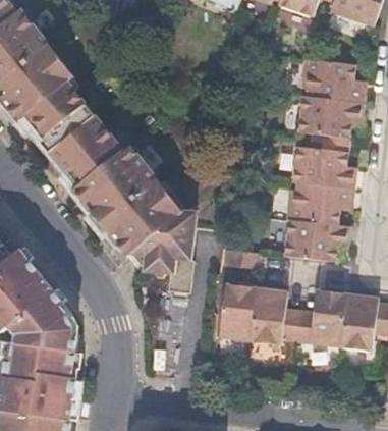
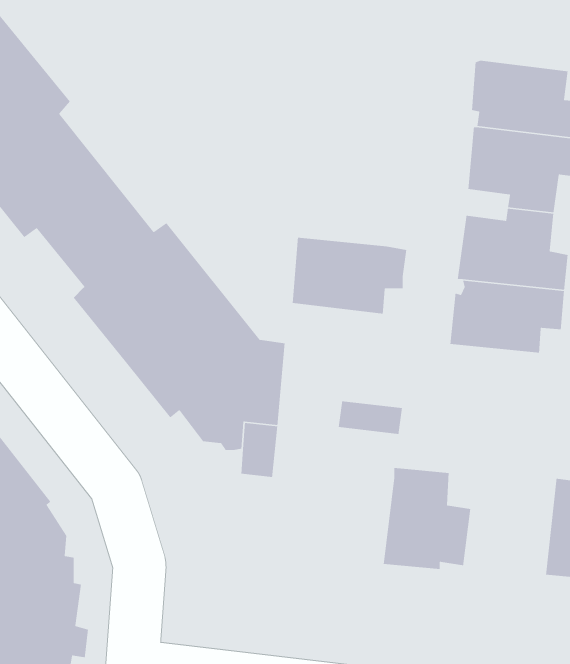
building: [285,218,350,262] -> [292,237,407,314]
building: [220,284,257,342] -> none
building: [296,289,348,348] -> none

